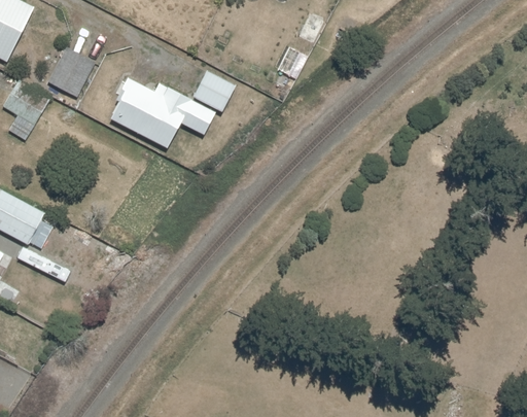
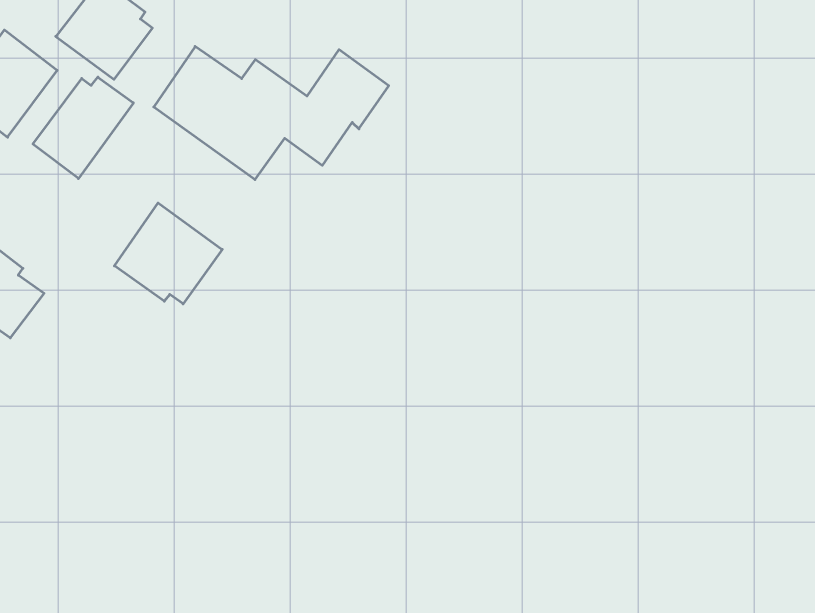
building: none -> [33,77,133,179]
building: none -> [114,203,222,304]

